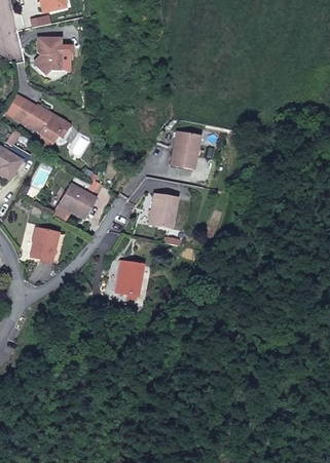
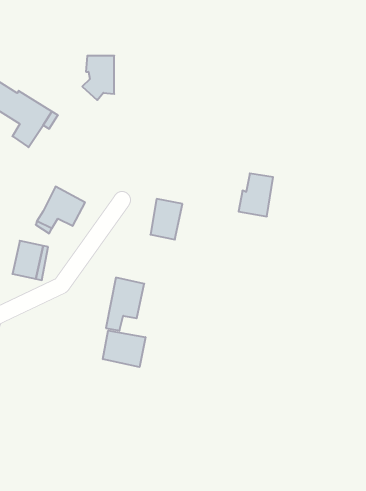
building: [35,39,62,76] -> [82,56,114,100]
building: [169,134,197,170] -> [239,173,273,216]
building: none -> [103,331,145,367]

